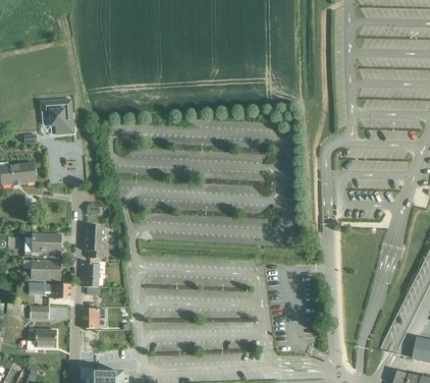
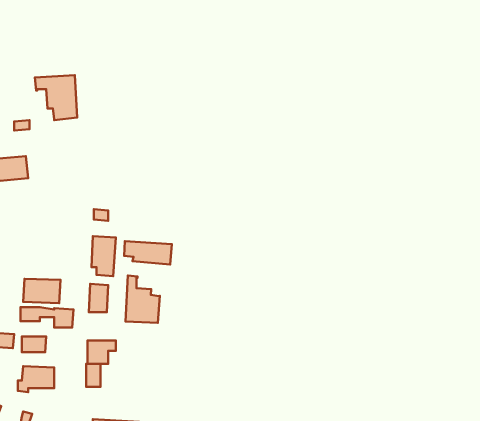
building: [23,229,60,256] -> none
building: none -> [124,241,172,264]
building: none -> [126,275,160,323]

